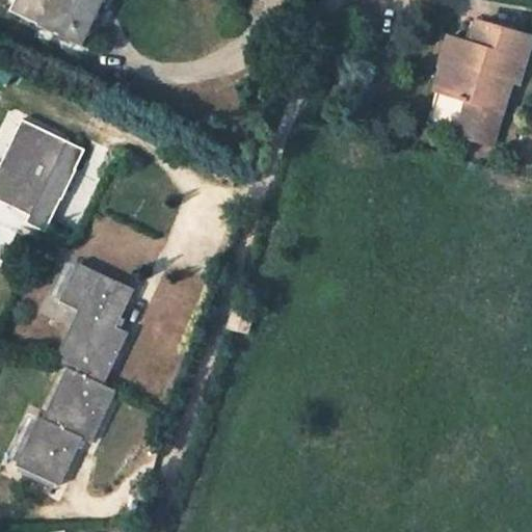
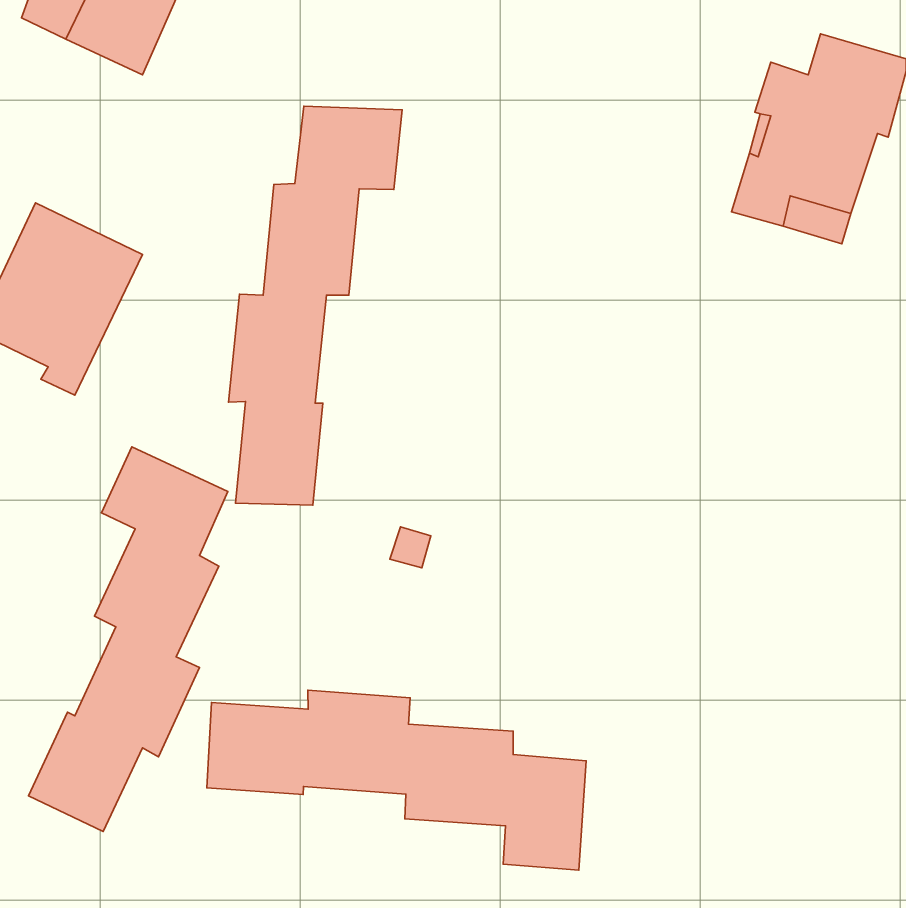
building: none -> [228,106,402,505]
building: none -> [207,690,586,870]

